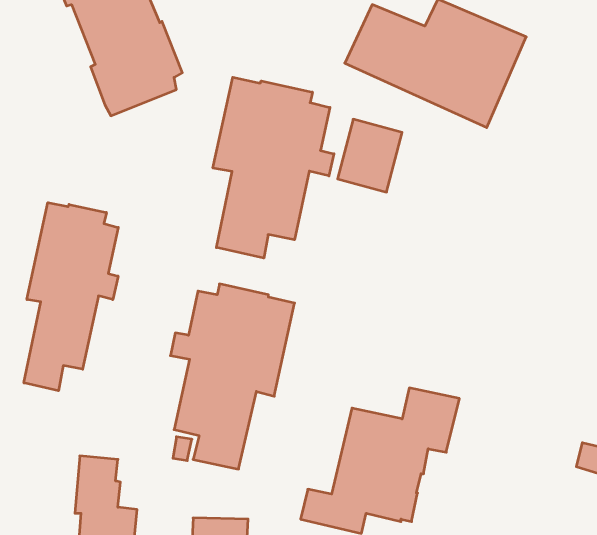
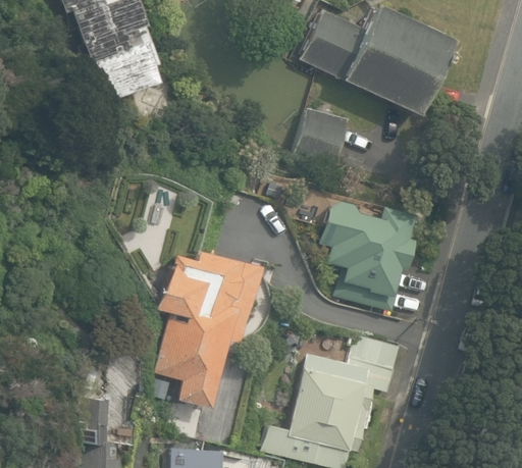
building: [213,77,334,258] -> none
building: [24,203,118,391] -> none
building: none -> [317,199,414,309]

